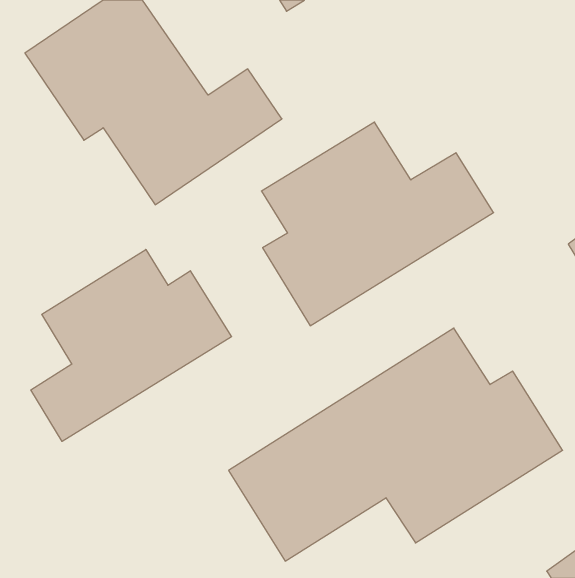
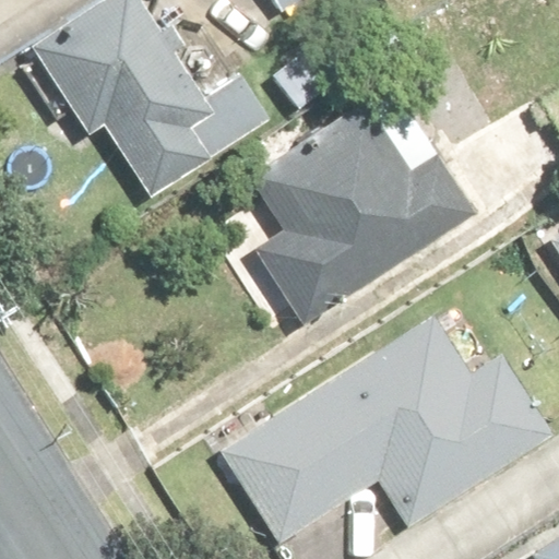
building: [31,249,232,441] -> none

